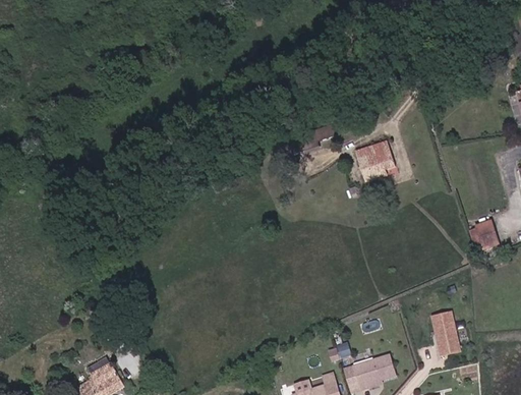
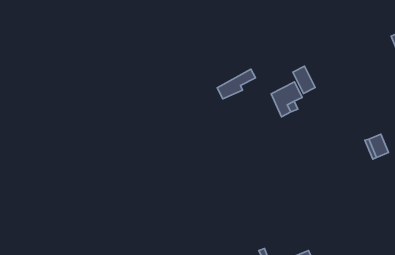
building: none -> [293,66,315,93]
building: [432,313,462,356] -> none

